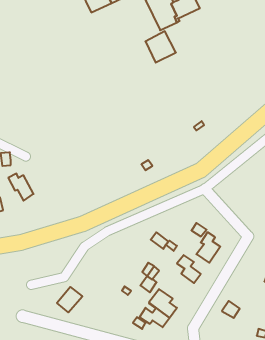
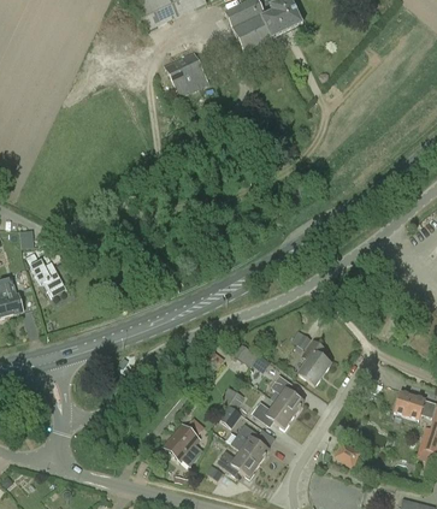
building: [145,31,176,63] -> [165,51,208,95]
building: none -> [250,401,294,427]
building: [57,287,82,312] -> [164,424,200,460]

